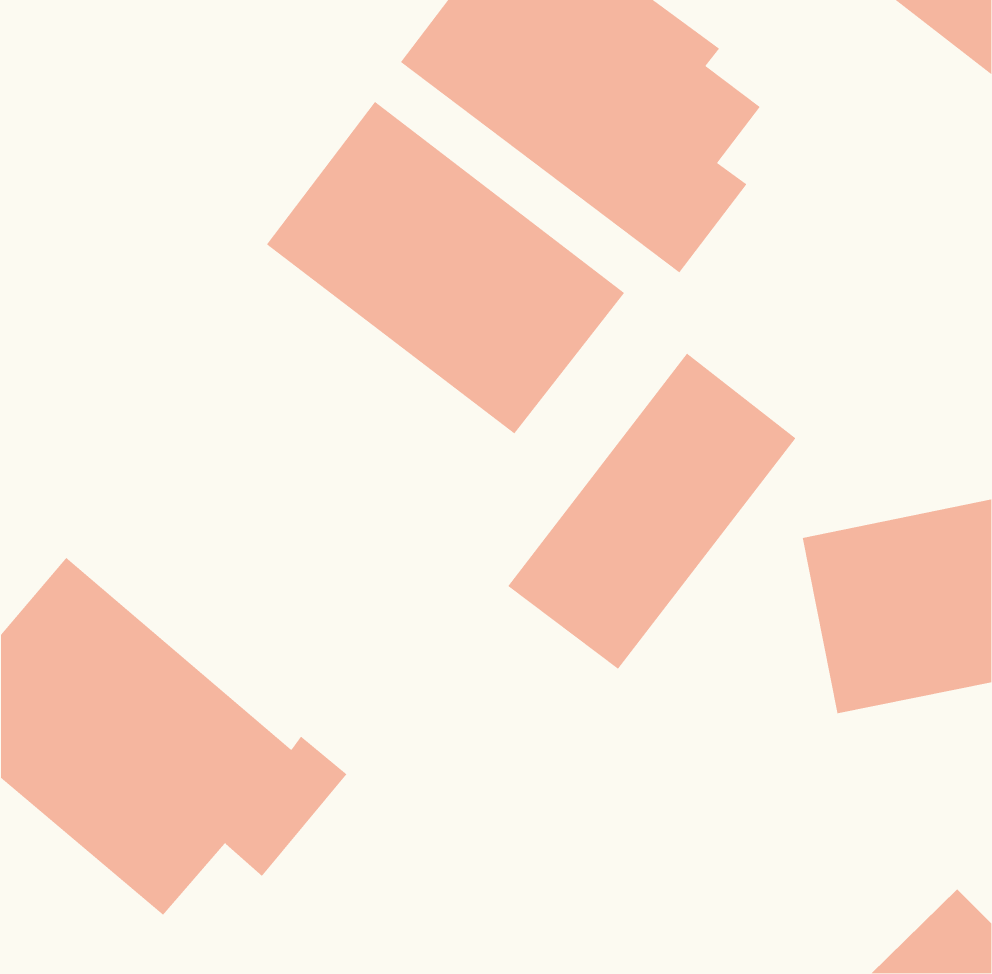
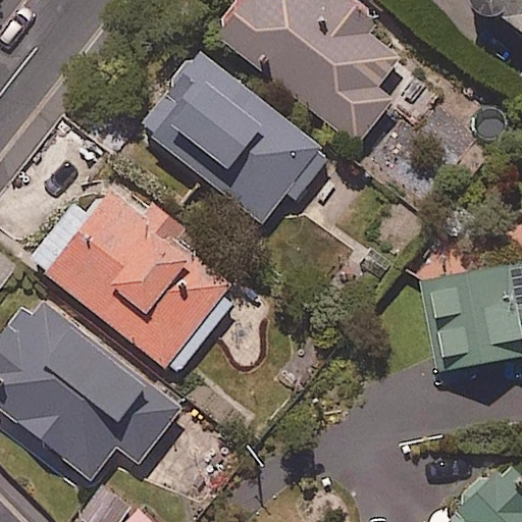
building: [507,352,796,670] -> none
building: none -> [44,190,228,370]

